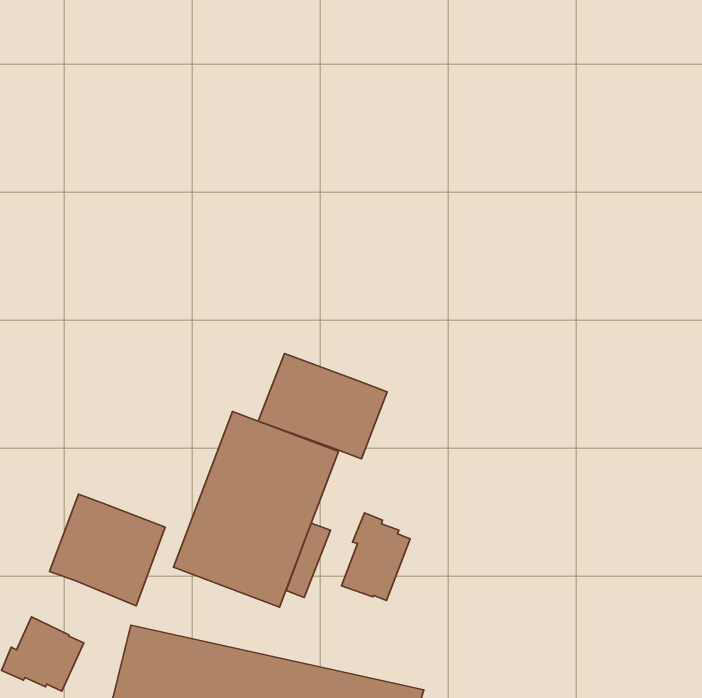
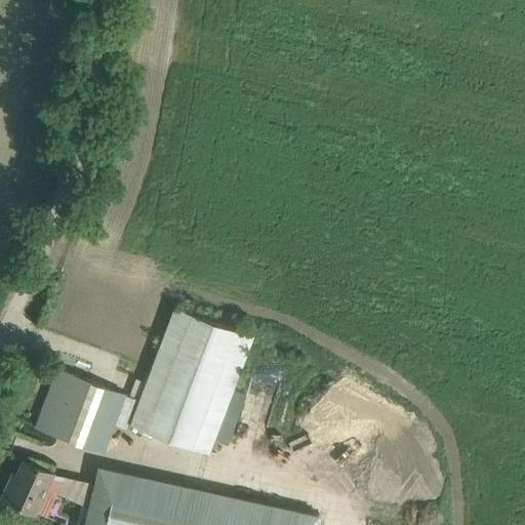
building: [258,353,387,459] -> none
building: [341,513,410,600] -> none

